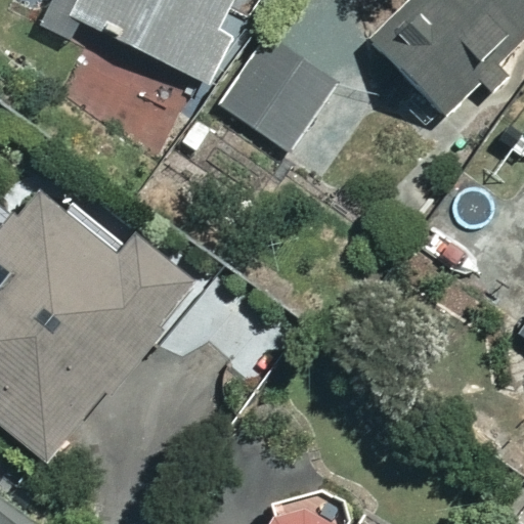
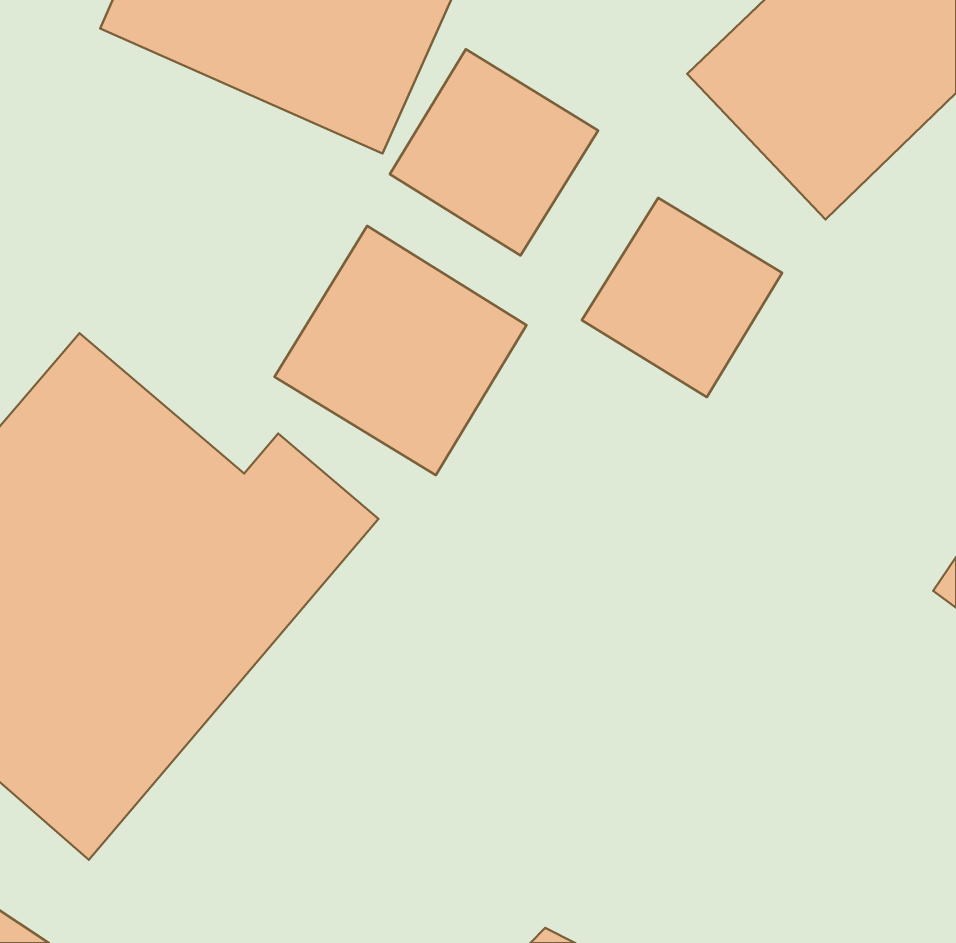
building: none -> [582,198,782,397]
building: none -> [275,226,527,475]

